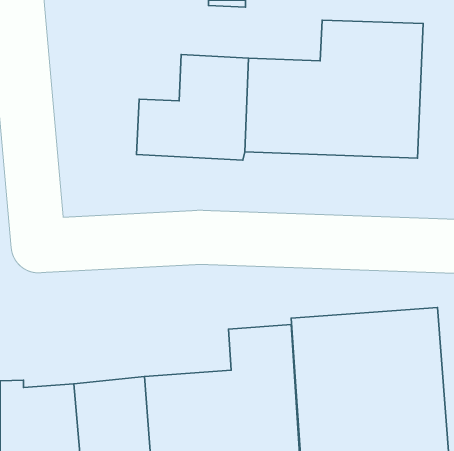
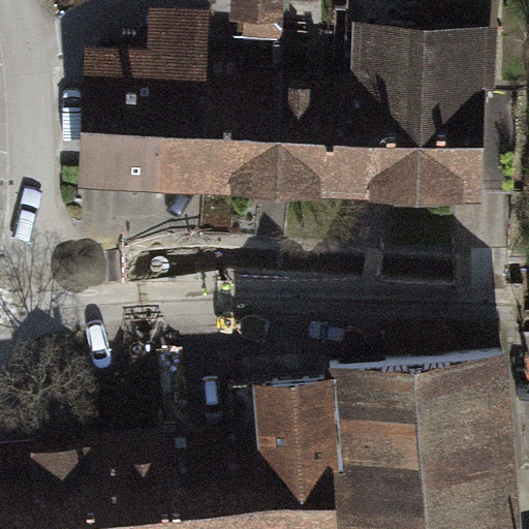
building: none -> [97,27,219,191]

